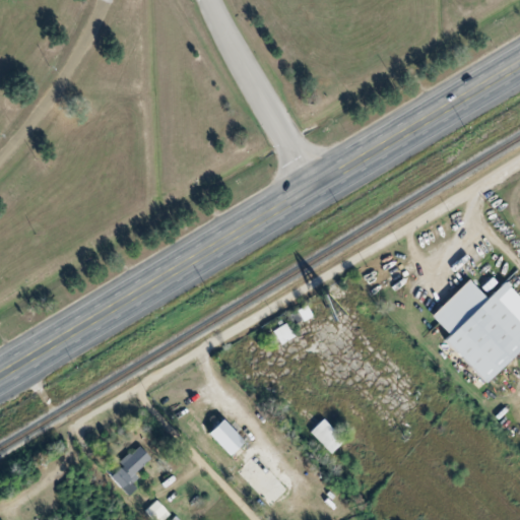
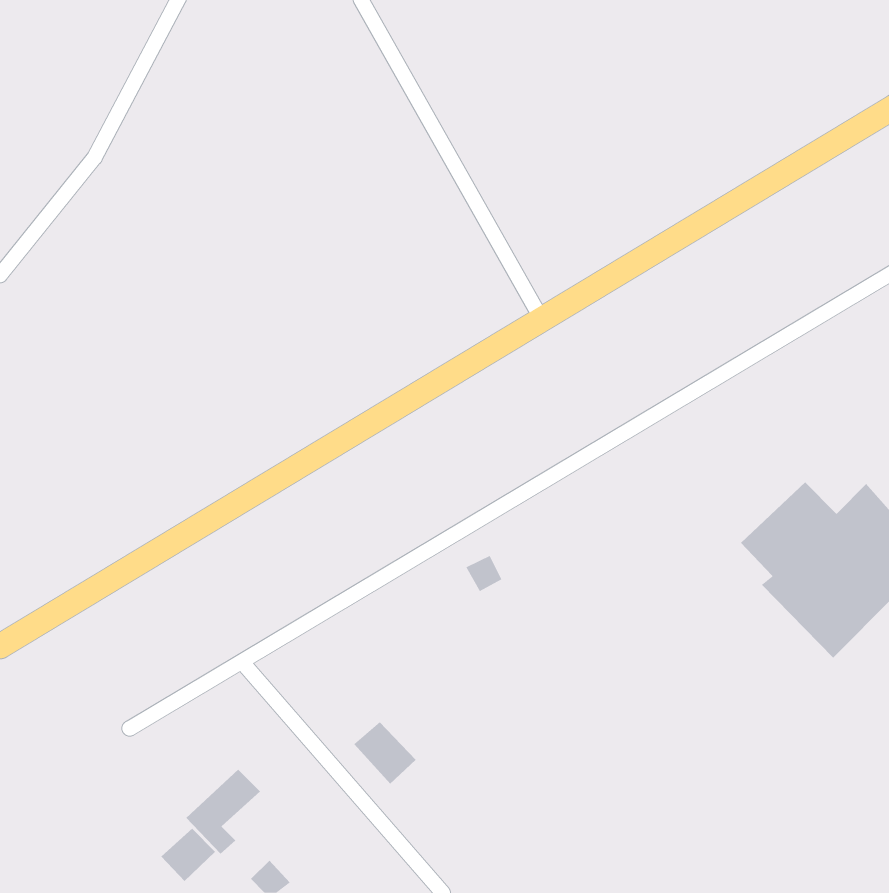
building: [311,418,345,453] -> none
building: none -> [161,828,216,882]

